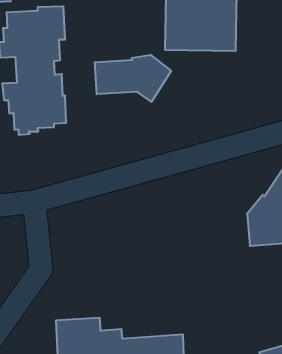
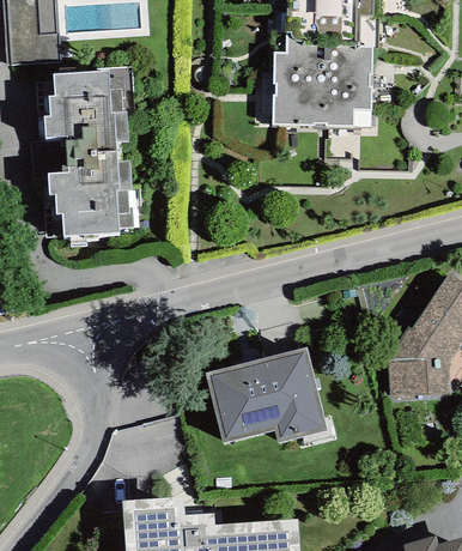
building: [95,55,171,102] -> none
building: none -> [203,347,326,443]

